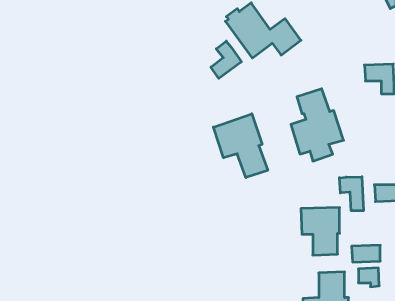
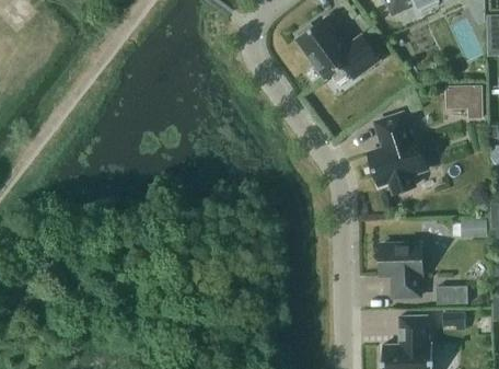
building: [211,41,241,78] -> none
building: [213,114,268,178] -> none
building: [339,177,363,211] -> none

